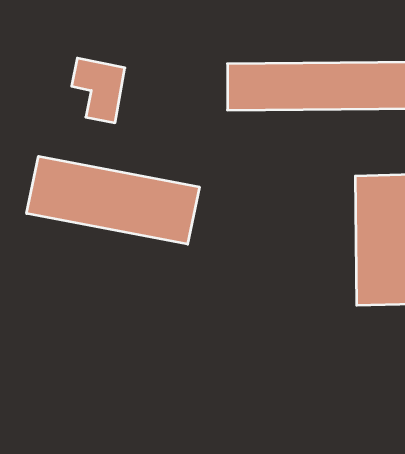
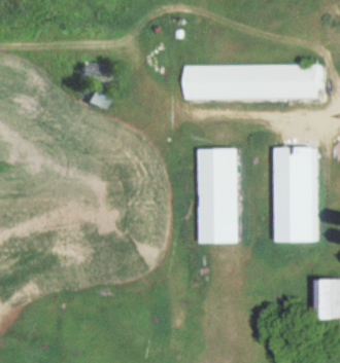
building: [27,156,199,244] -> none
building: none -> [198,148,240,243]

